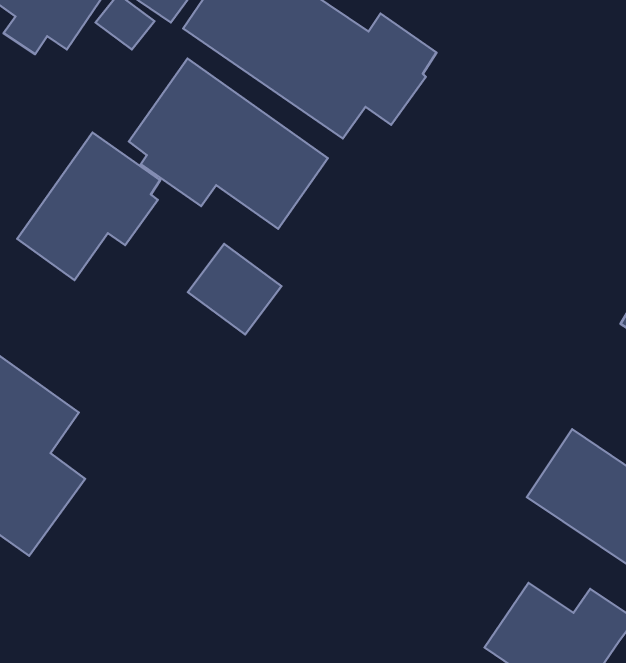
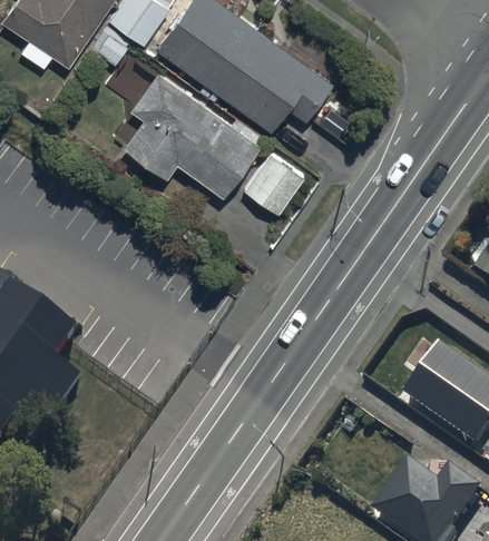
building: [17,132,160,280] -> none
building: [188,244,281,334] -> [238,150,307,217]

